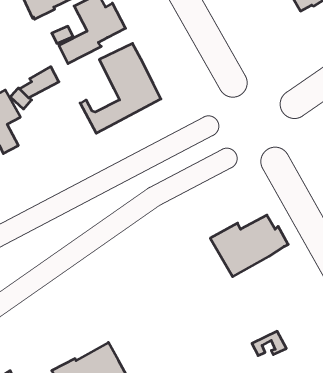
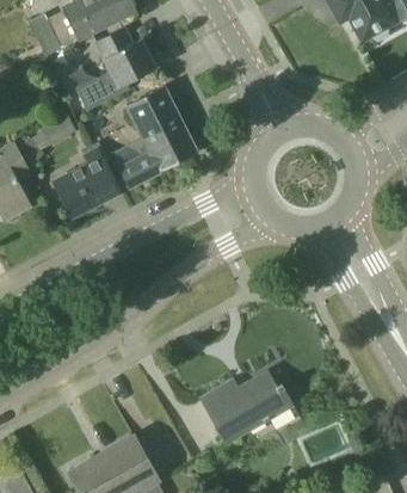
building: none -> [51,146,122,217]
building: [210,215,288,277] -> [202,371,294,444]

